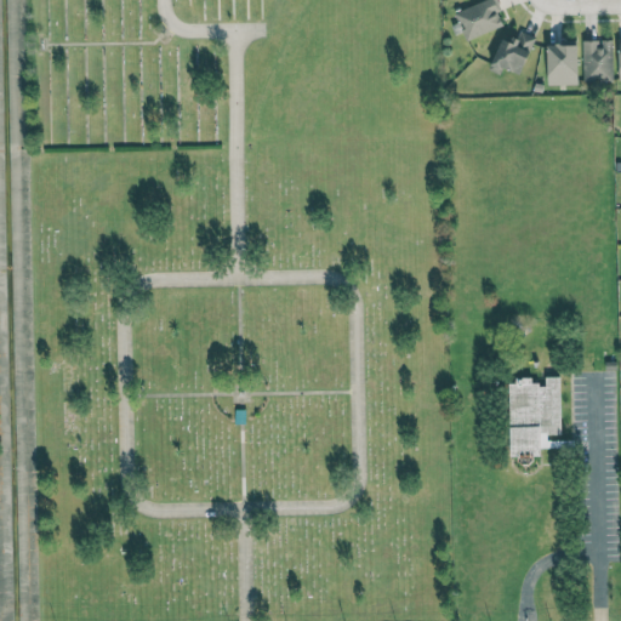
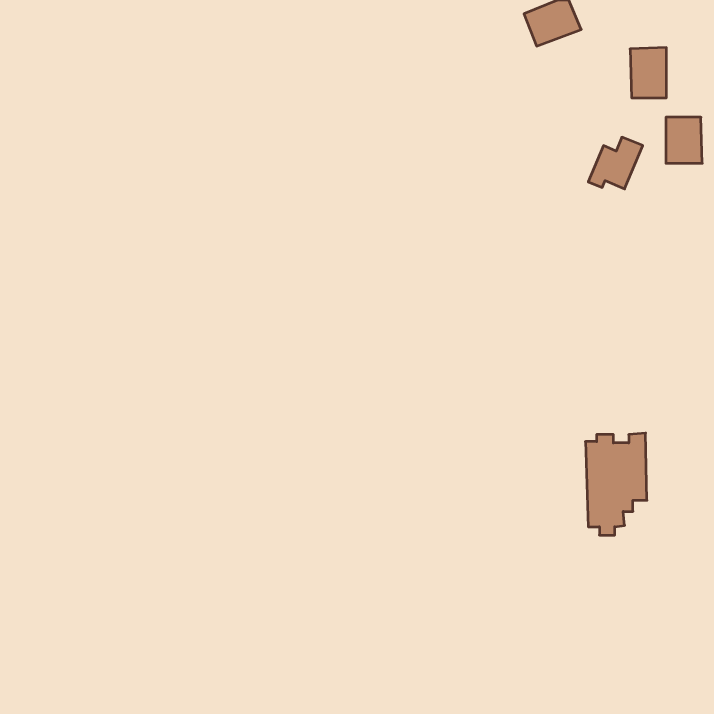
building: [489,30,536,75] -> [588,137,643,189]
building: [582,40,614,80] -> [666,117,702,163]

